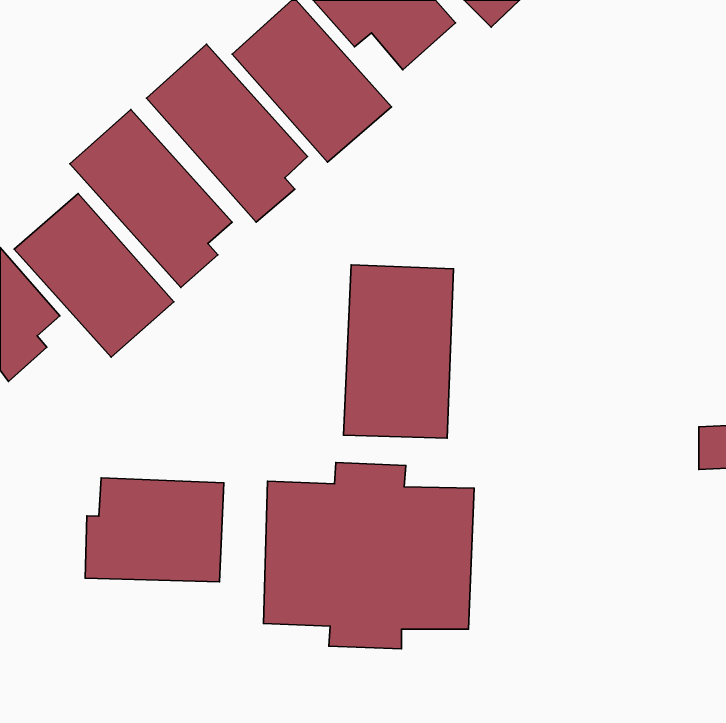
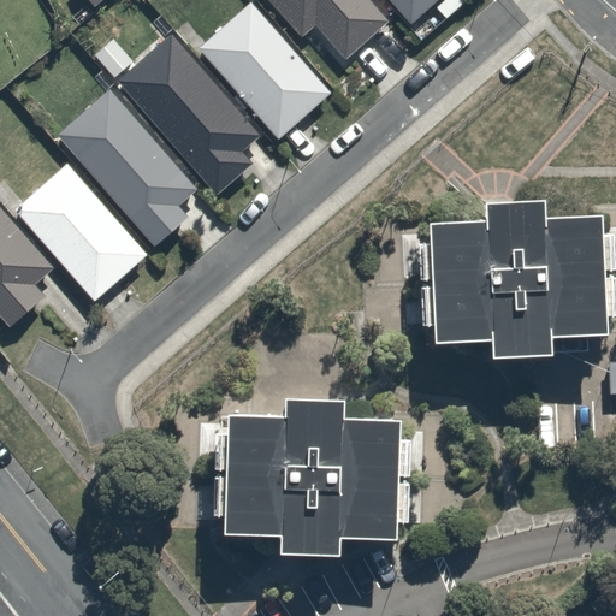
building: none -> [428,196,609,355]
building: [344,265,453,438] -> none
building: [85,478,224,582] -> none

